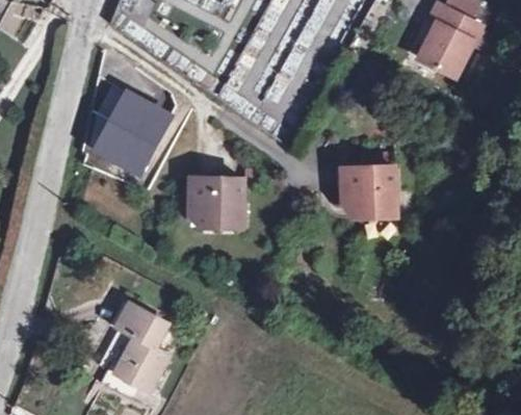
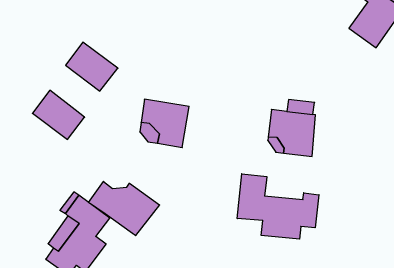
building: [108,90,171,146] -> [32,90,85,139]
building: none -> [237,174,319,239]
building: none -> [88,181,160,236]

